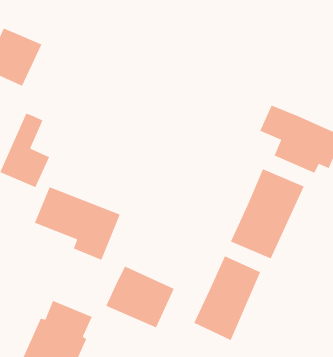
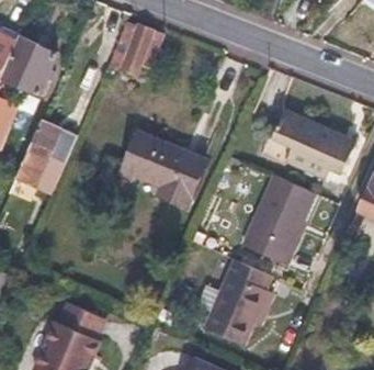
building: none -> [105,22,163,82]
building: [34,186,121,261] -> [120,133,205,206]
building: [105,266,175,328] -> none

